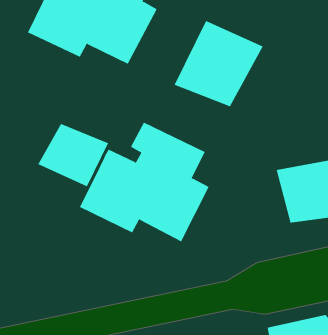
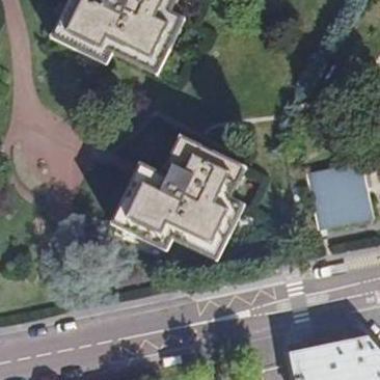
building: [174,20,263,107] -> none
building: [38,123,109,187] -> none

